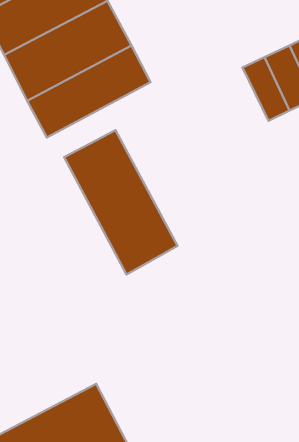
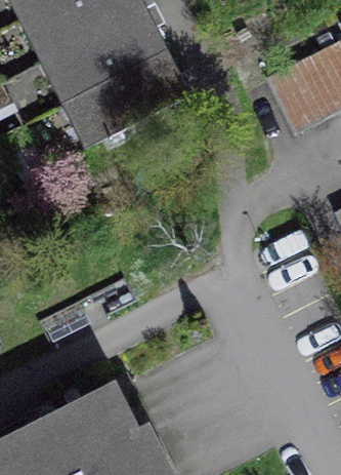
building: [64,130,178,274] -> none

